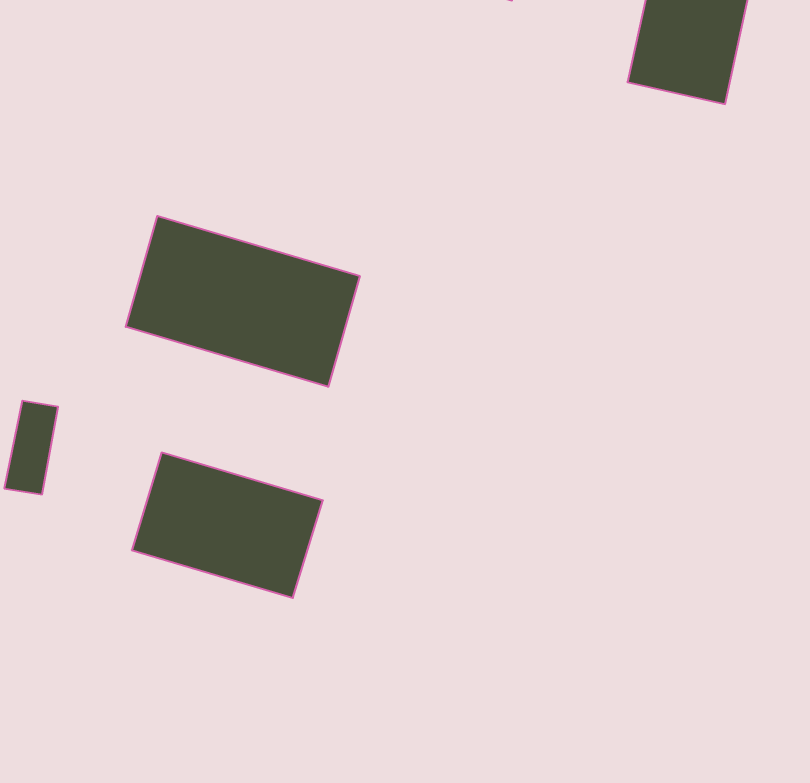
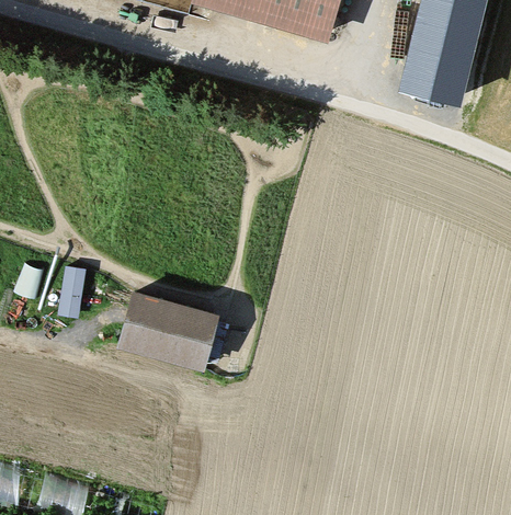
building: [126,216,360,387] -> none

